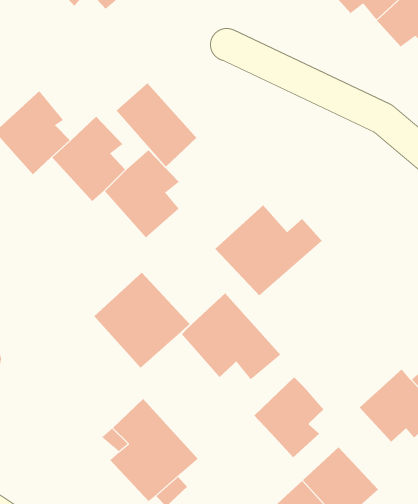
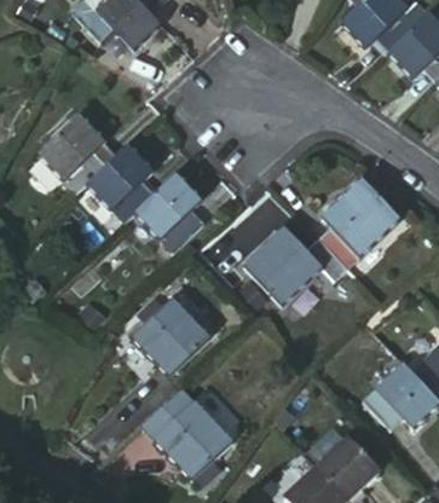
building: [116,82,197,167] -> none
building: none -> [316,167,404,262]
building: [181,292,281,380] -> none
building: [254,377,324,458] -> none

